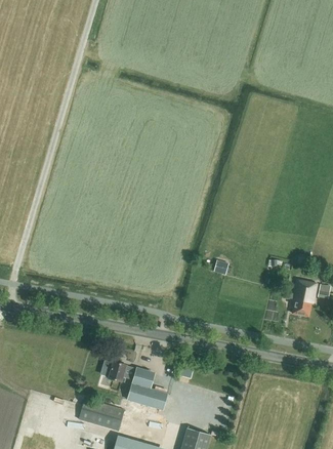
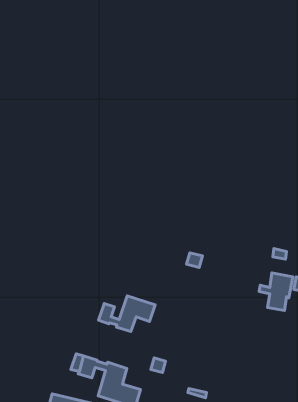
building: none -> [99,296,155,331]

